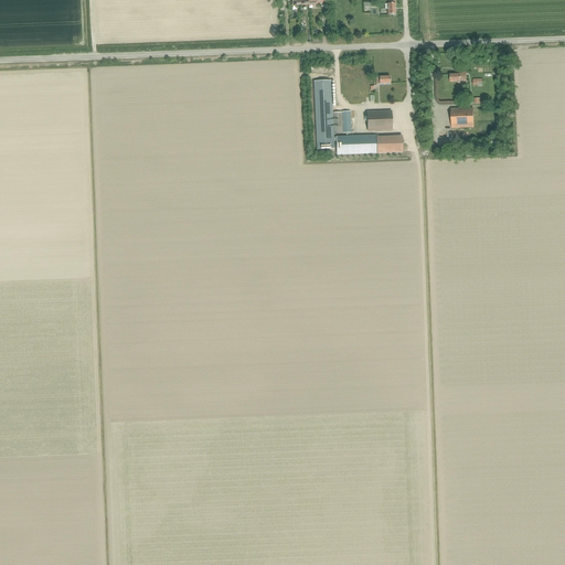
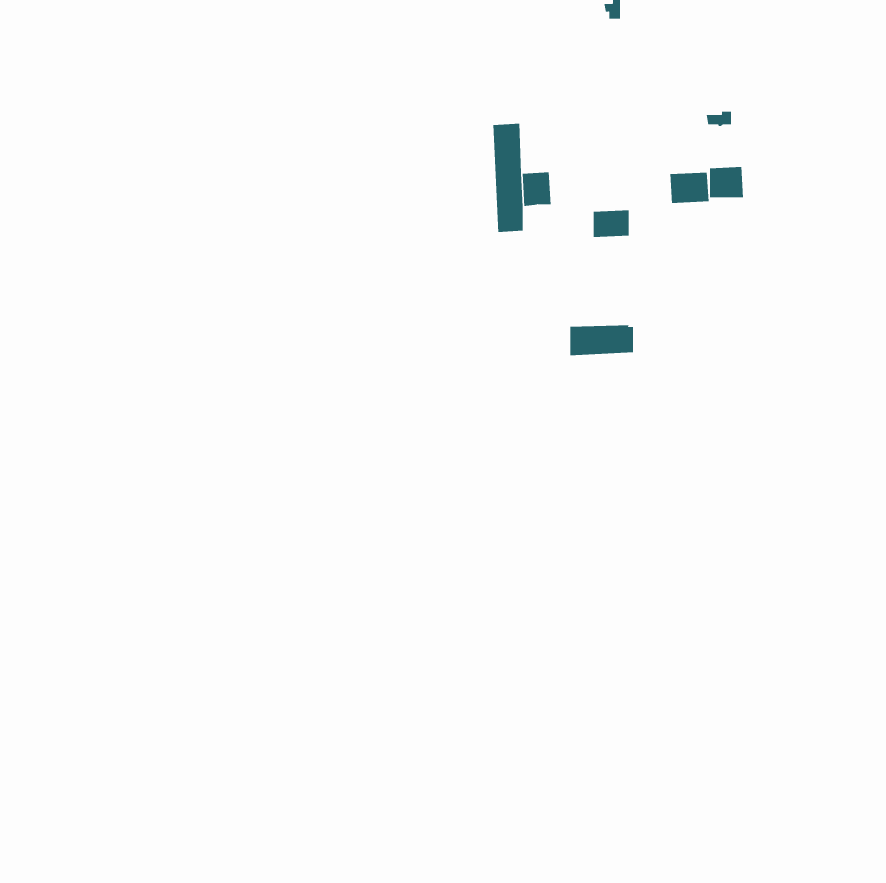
building: [366,109,392,129] -> [669,172,709,203]
building: [337,134,377,153] -> [570,325,634,356]

